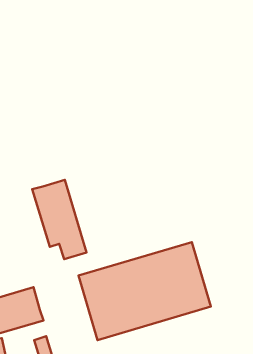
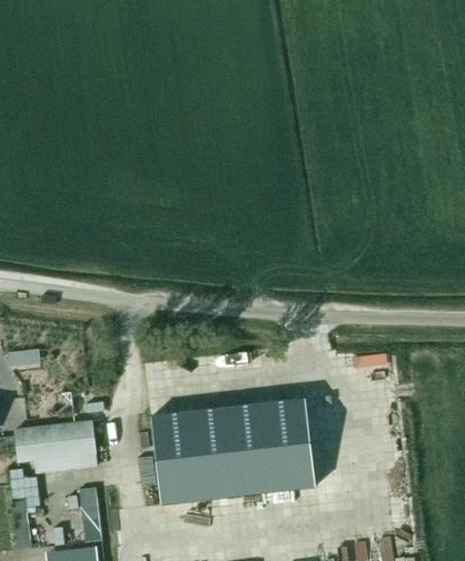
building: [32,180,86,259] -> none

